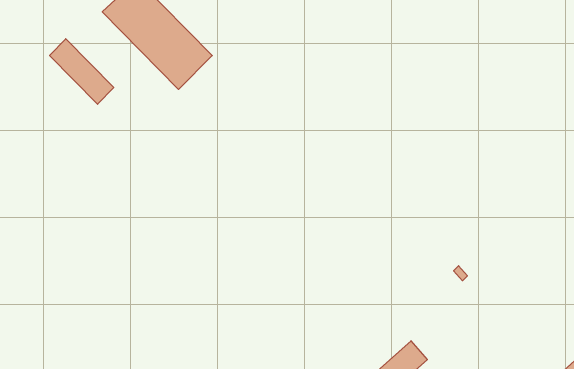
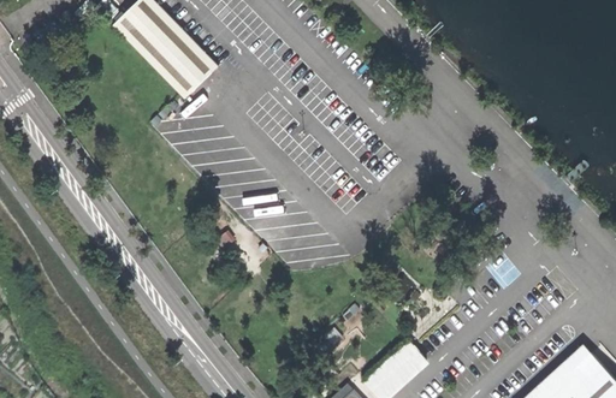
building: [50,39,114,104] -> none

